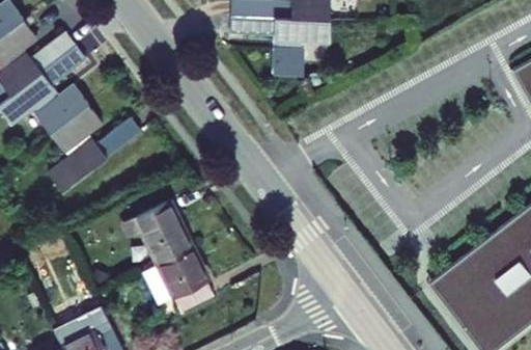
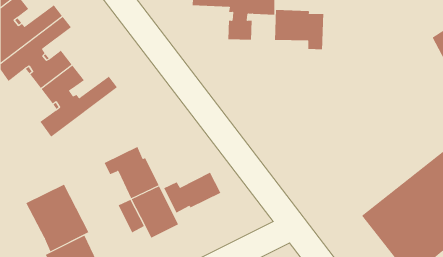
building: none -> [274,9,324,50]
building: none -> [163,172,221,213]
building: none -> [25,184,89,252]

